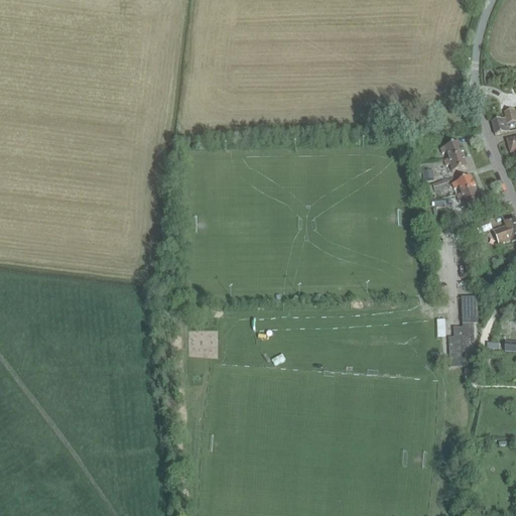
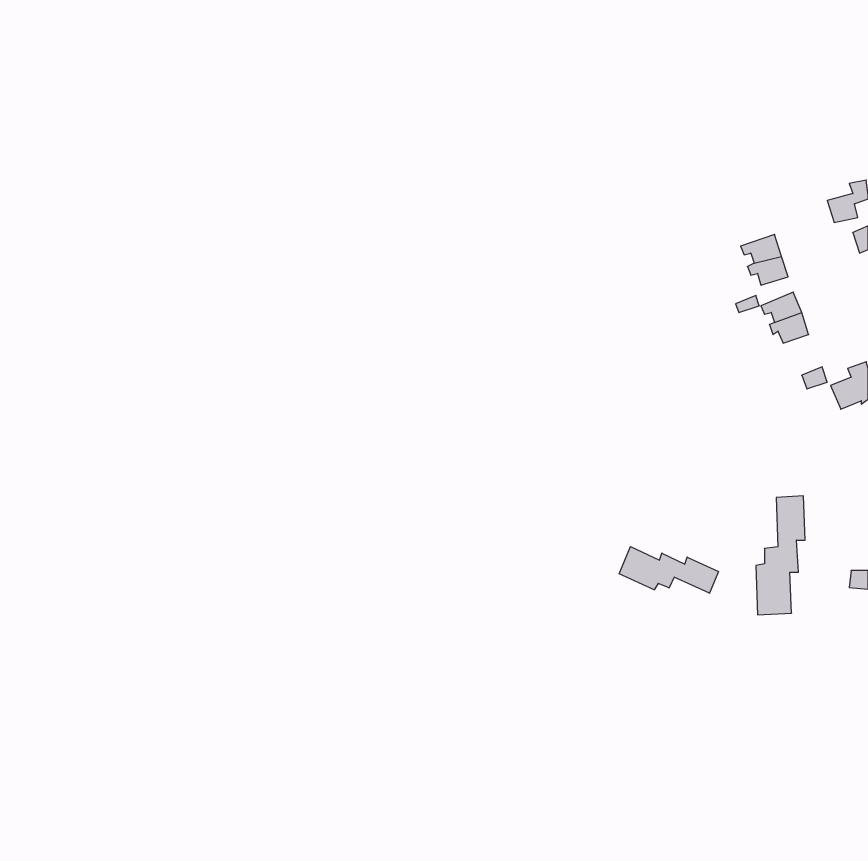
building: none -> [619,547,719,593]

